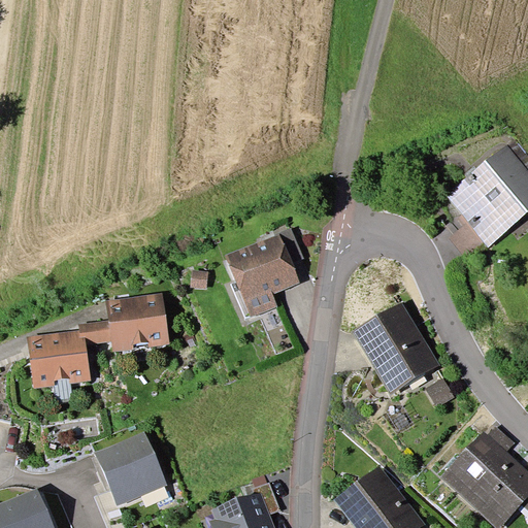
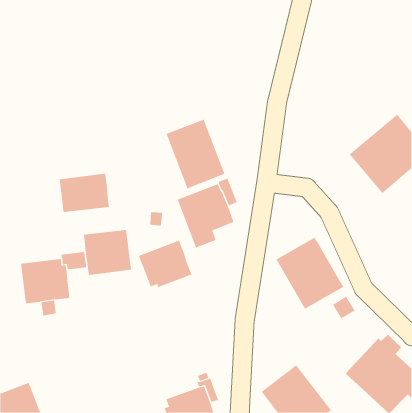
building: none -> [166,119,225,189]
building: none -> [59,173,110,213]
building: none -> [138,240,192,288]
building: [94,431,166,505] -> none

